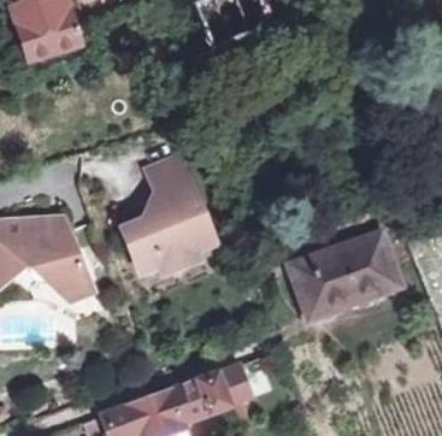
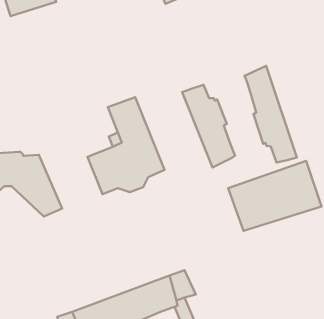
building: none -> [245,66,297,163]
building: none -> [182,85,235,167]

